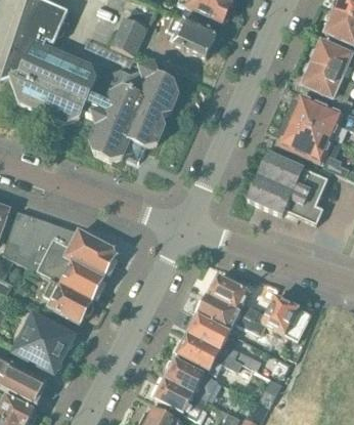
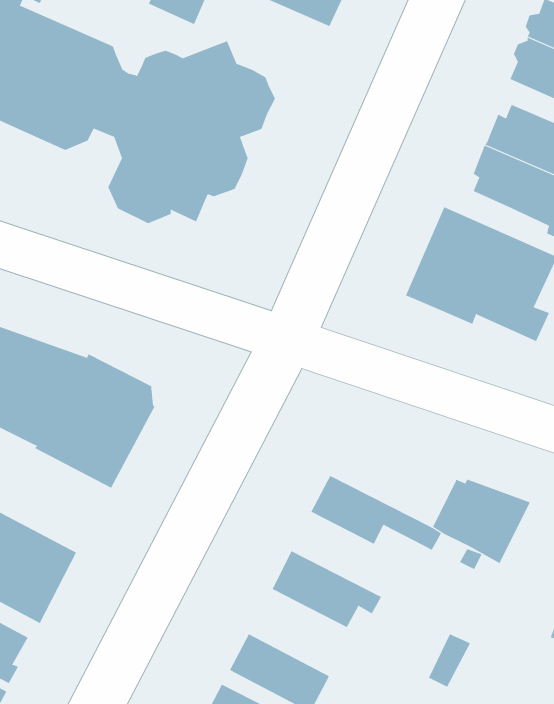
building: [207,272,265,321] -> none
building: [43,279,91,325] -> none
building: [186,312,261,369] -> none
building: [164,356,211,399] -> none

